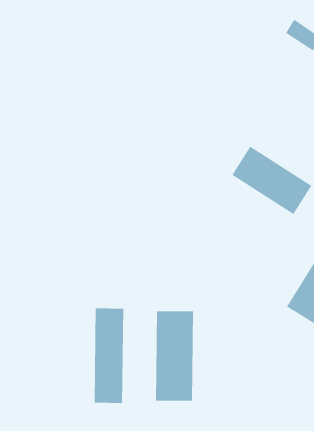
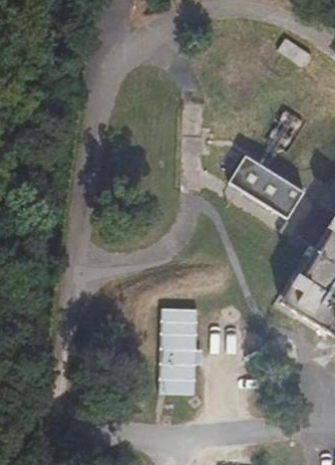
building: [94,308,124,404] -> none

